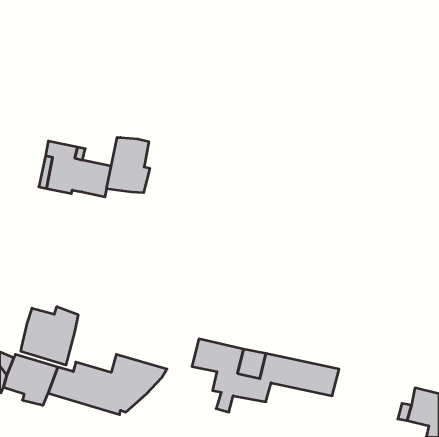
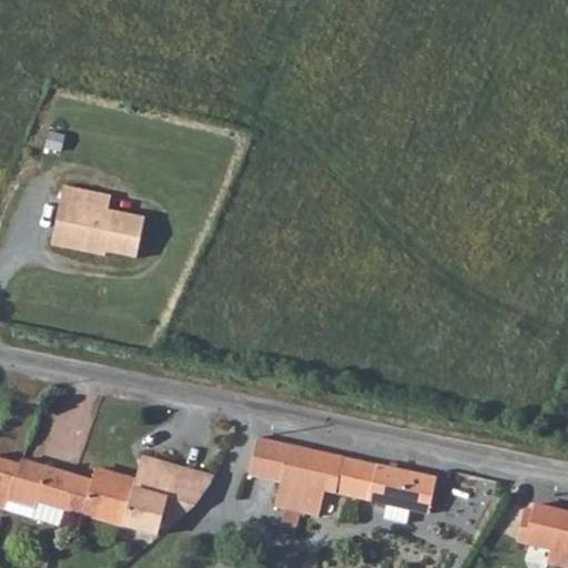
building: [107,137,150,193] -> none
building: [21,307,78,365] -> none

